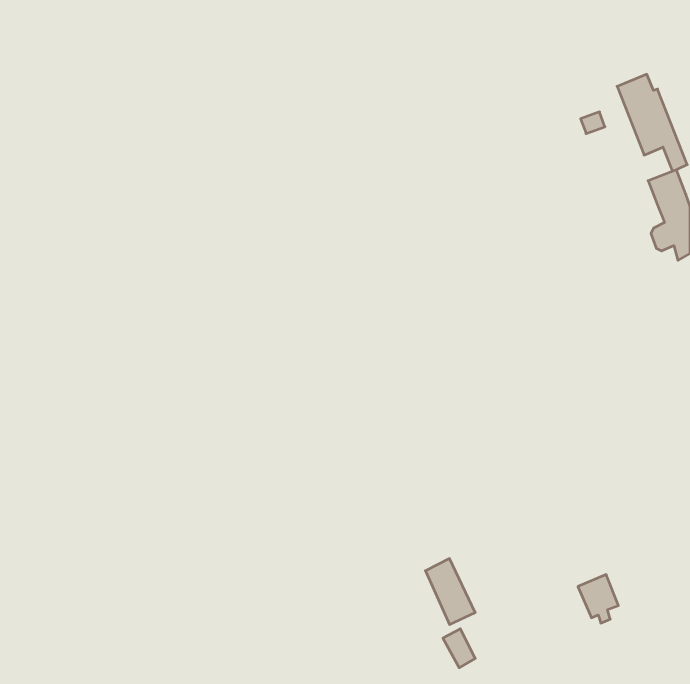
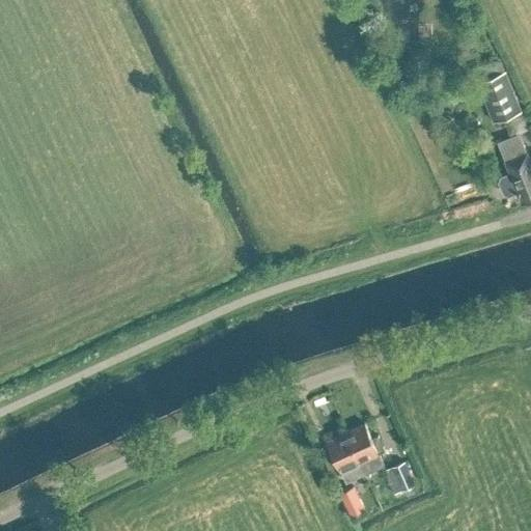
building: none -> [345,425,385,475]
building: [578,575,618,623] -> [384,462,415,499]

